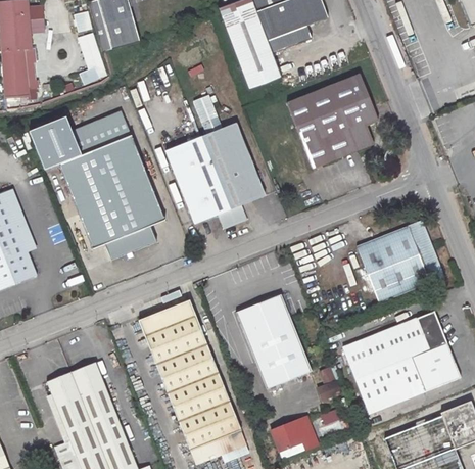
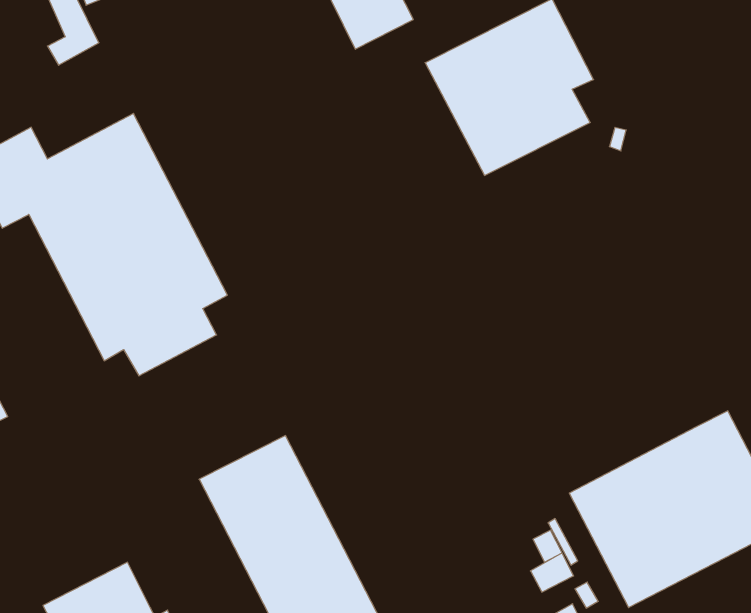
building: [165,95,265,229] -> none
building: [357,220,444,302] -> none
building: [236,294,312,388] -> none

